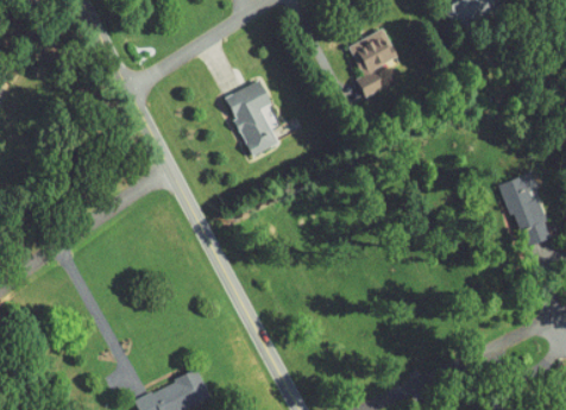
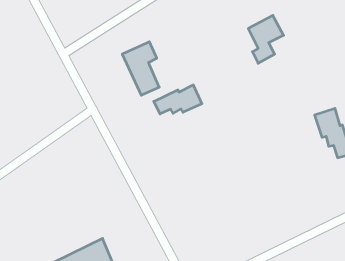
building: [348,30,400,99] -> [248,15,284,63]
building: none -> [154,85,202,114]

